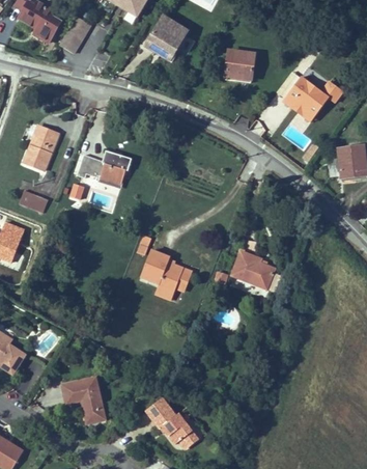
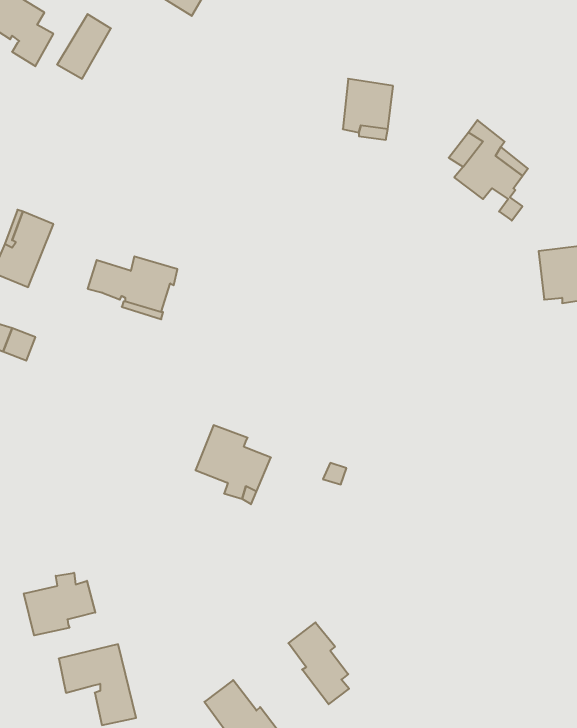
building: [144,16,188,62] -> none
building: [231,251,275,288] -> none
building: none -> [24,573,95,635]
building: none -> [288,622,349,704]

